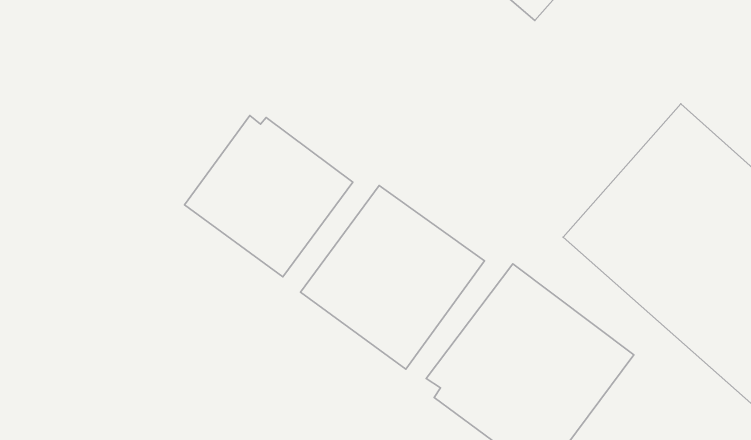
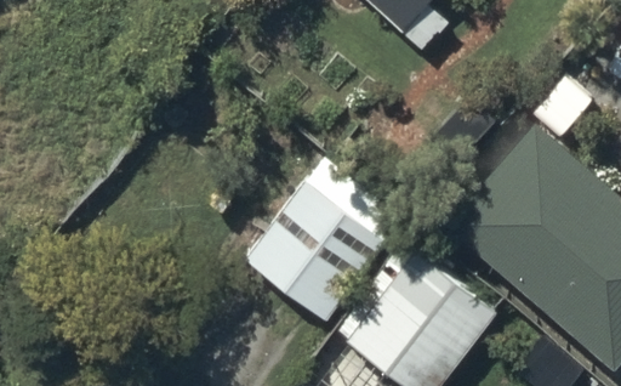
building: [185,116,353,277] -> none

